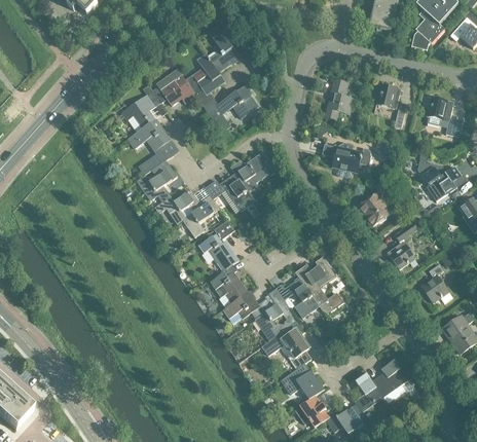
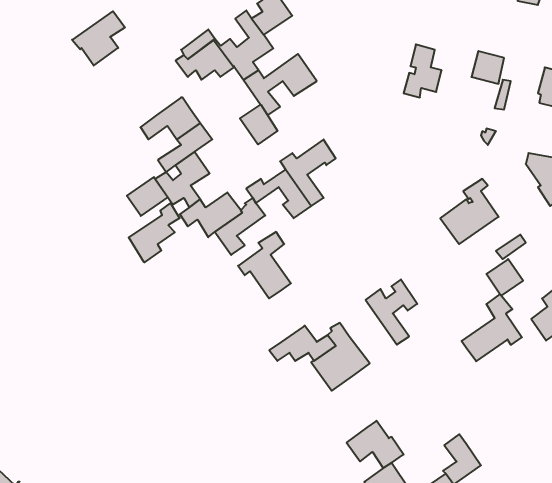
building: [120,90,160,132] -> [72,11,125,66]
building: none -> [240,105,277,144]
building: [321,141,370,170] -> none
building: none -> [127,177,168,216]
building: none -> [129,203,180,262]
building: [211,264,248,303] -> none
building: none -> [462,294,522,361]
building: [276,271,319,315] -> none
building: [265,328,309,368] -> none
building: [371,360,407,397] -> none

